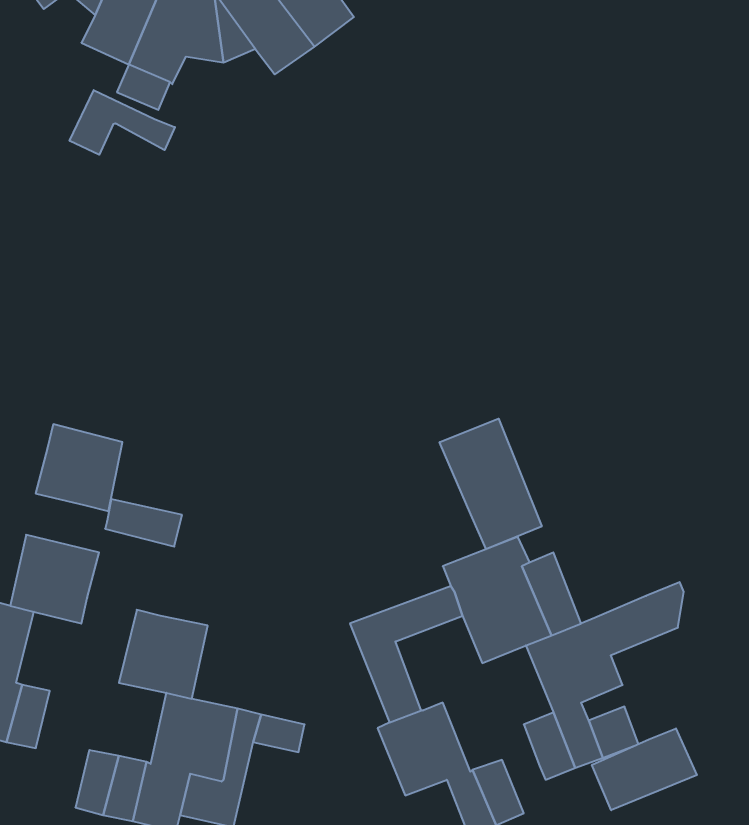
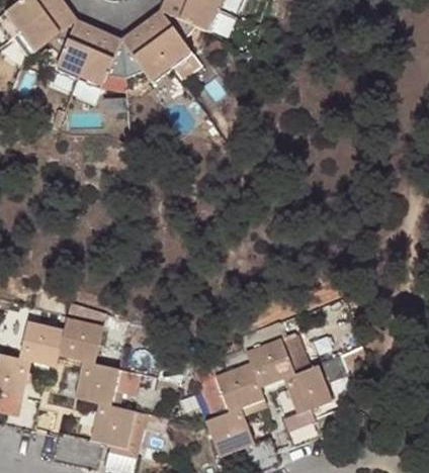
building: [70,90,175,155] -> none
building: [440,419,542,549] -> none
building: [36,424,122,511] -> [58,317,102,362]
building: none -> [216,362,264,410]
building: [592,728,697,810] -> none

